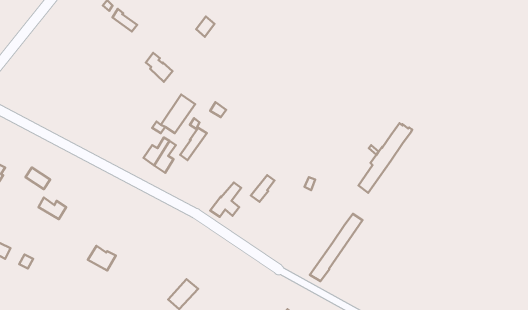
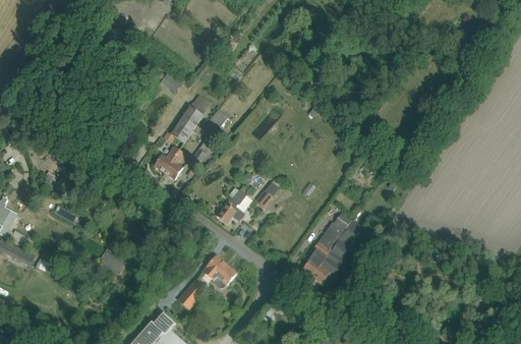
building: [359,123,412,193] -> [302,211,353,277]
building: none -> [202,255,236,288]

